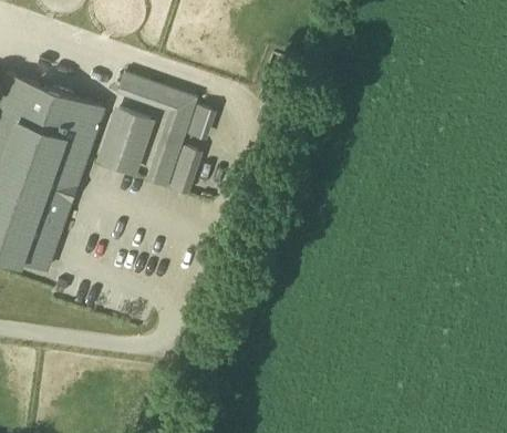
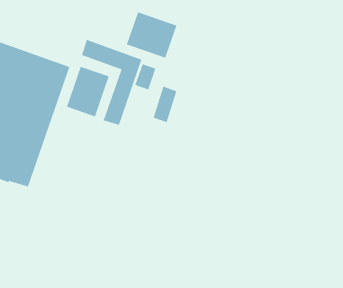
building: none -> [126,12,177,59]
building: [169,145,201,194] -> [153,86,177,123]

